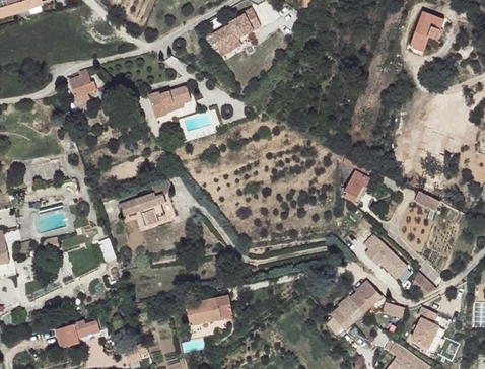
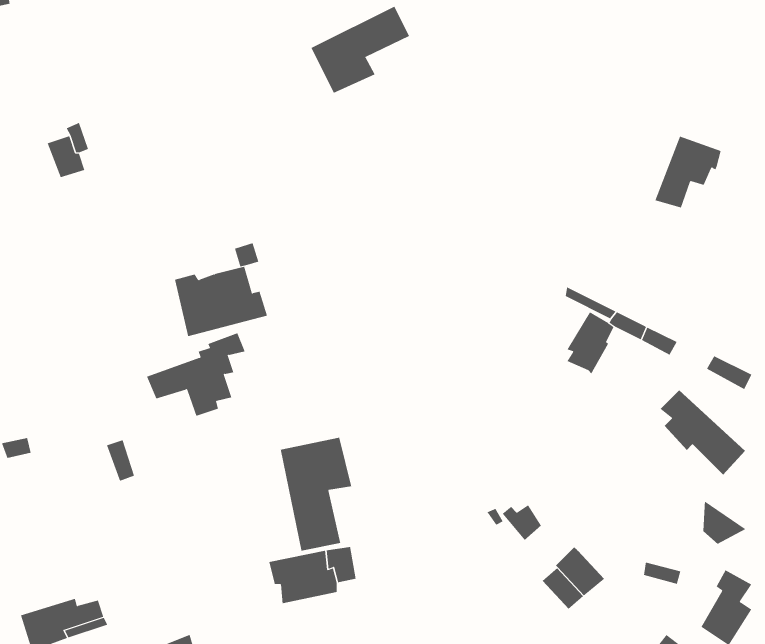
building: [408,11,443,50] -> [655,136,721,208]
building: [148,87,198,125] -> [174,266,268,337]
building: [362,234,408,280] -> [660,390,746,476]
building: none -> [280,437,352,552]
building: [350,279,382,311] -> none

